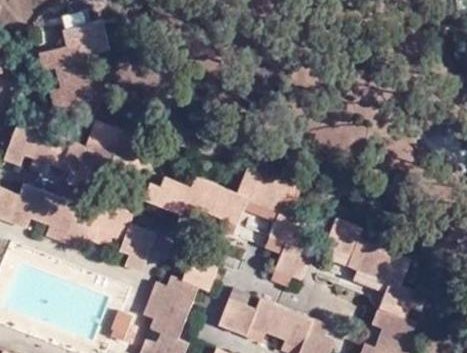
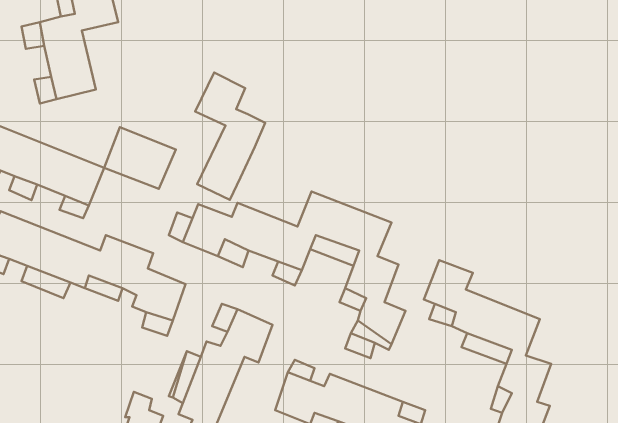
building: none -> [195,72,265,200]

